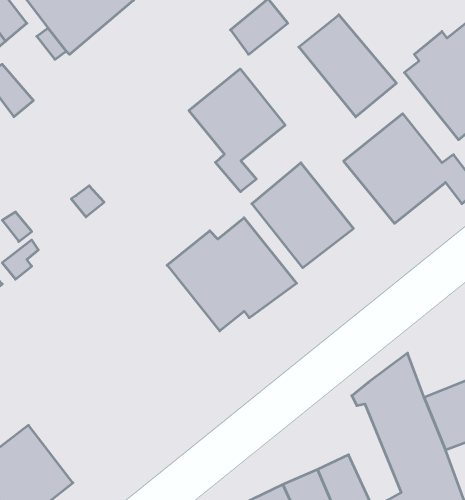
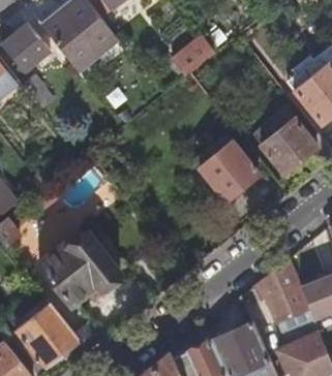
building: [299,15,396,117] -> none
building: [189,69,285,192] -> none
building: [167,218,297,331] -> [40,233,122,305]

